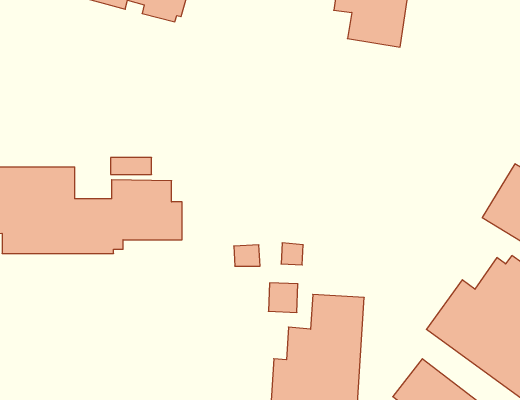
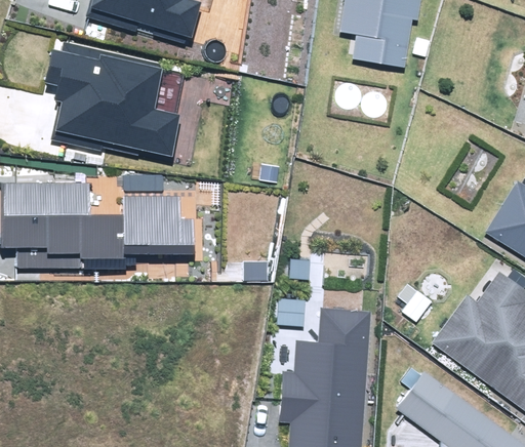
building: none -> [43,39,180,156]

